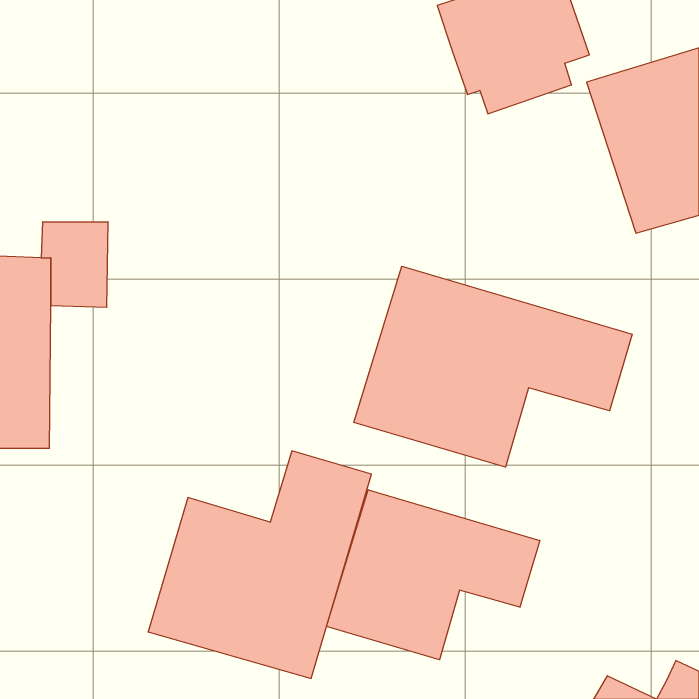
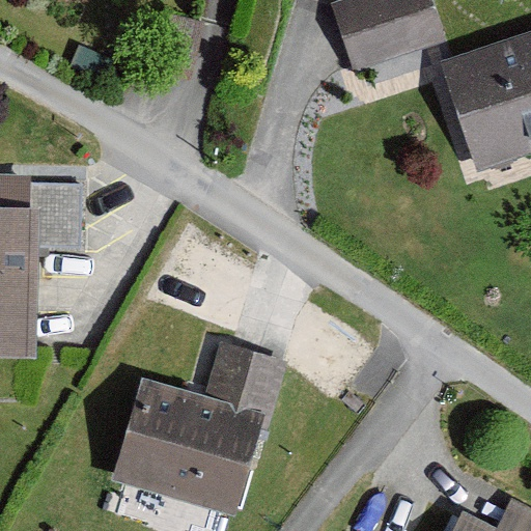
building: [354,266,632,467] -> none
building: [326,490,540,660] -> none

